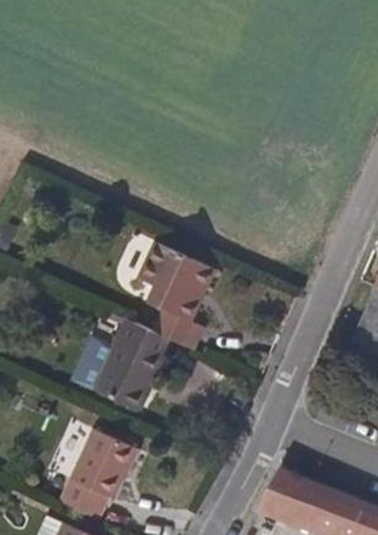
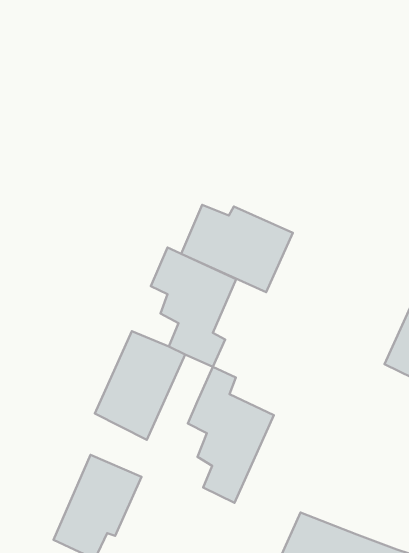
building: none -> [181,205,293,292]
building: none -> [188,367,274,503]

